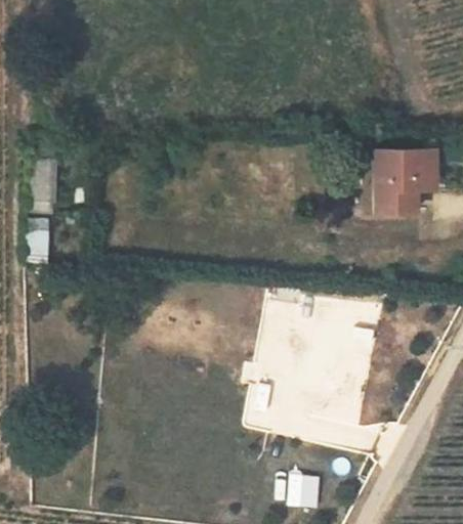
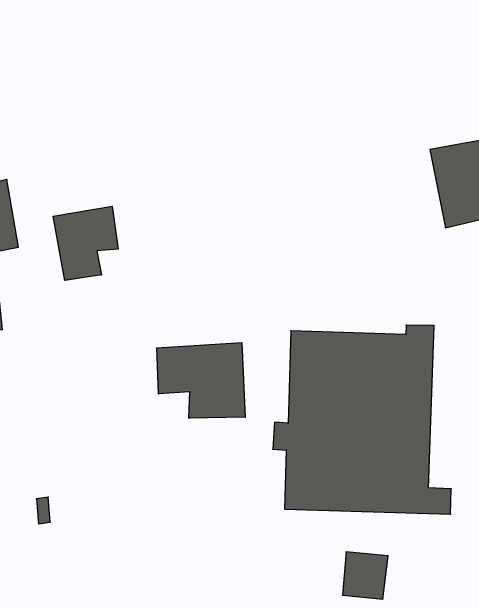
building: none -> [53,206,118,280]
building: none -> [157,343,245,418]

